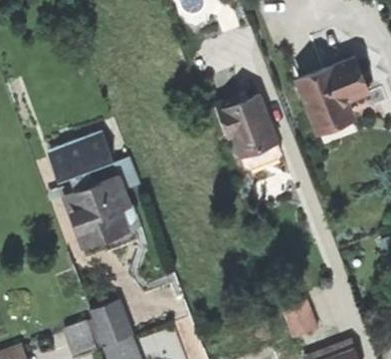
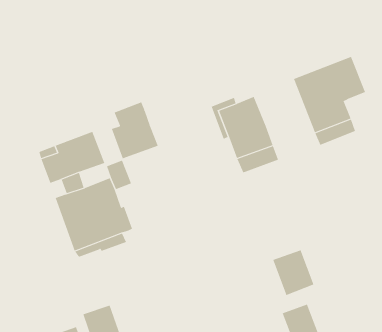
building: none -> [111,102,158,159]
building: none -> [272,249,314,296]

